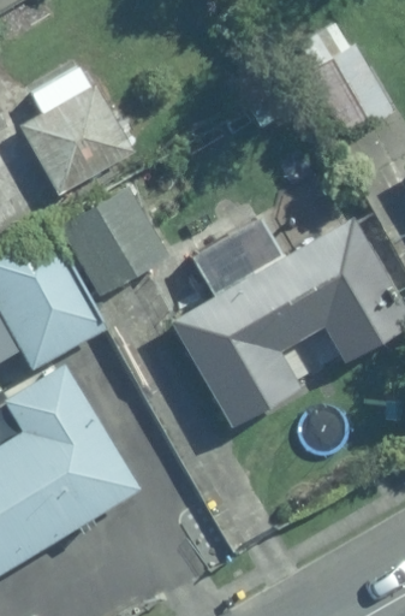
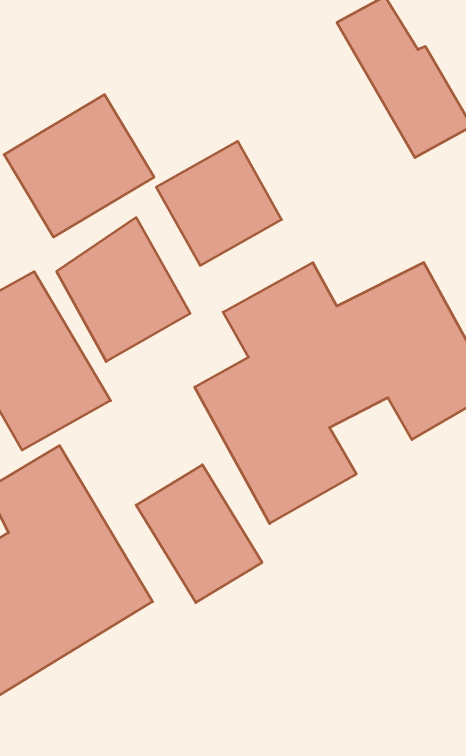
building: none -> [156,141,282,265]
building: none -> [136,465,262,603]

